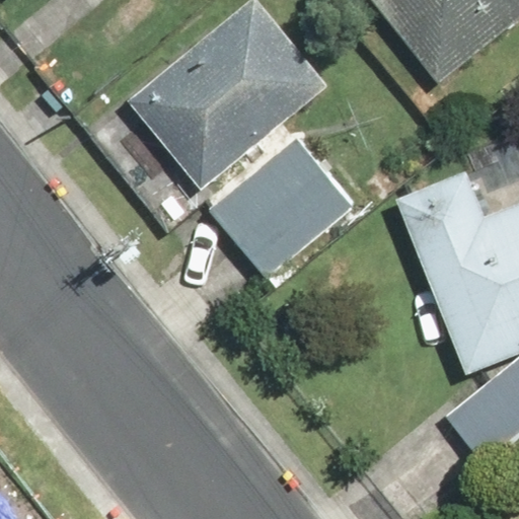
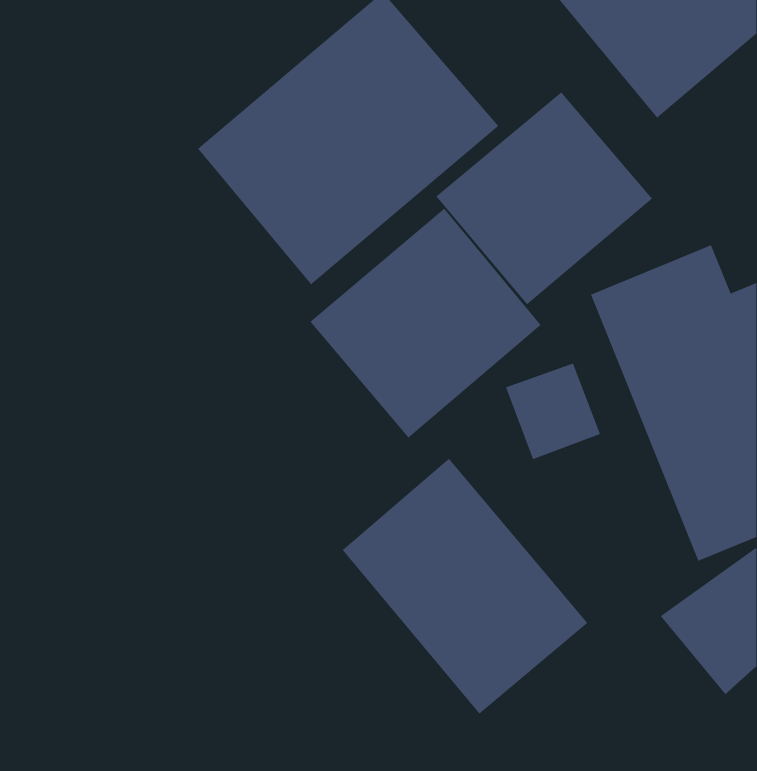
building: none -> [436,91,653,305]
building: none -> [342,458,588,714]

